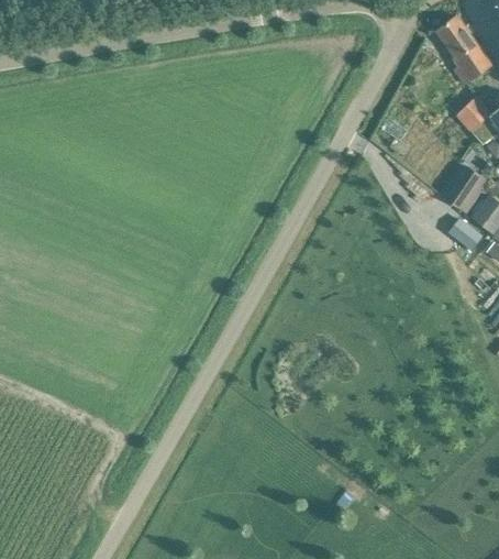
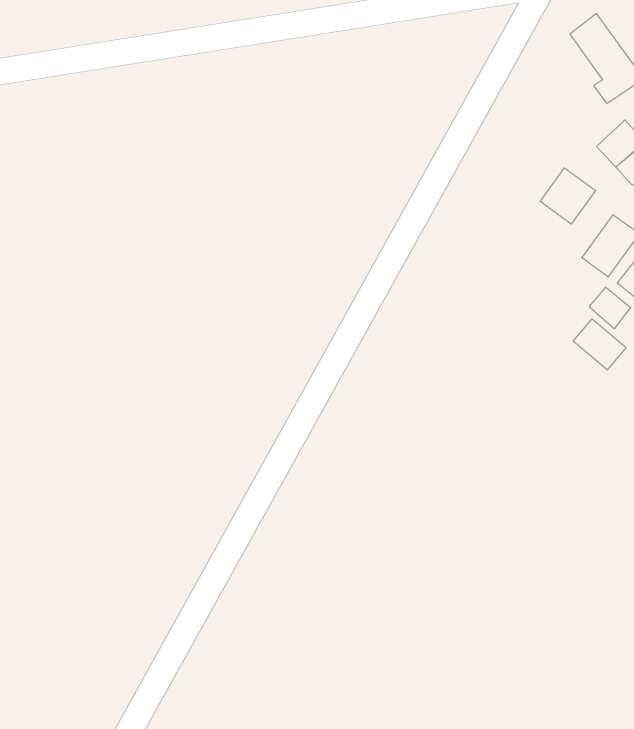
building: none -> [540,168,595,224]
building: none -> [573,319,626,370]

